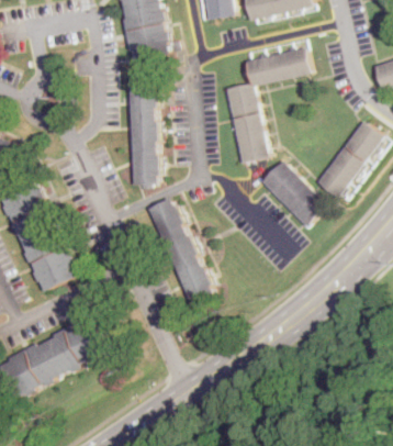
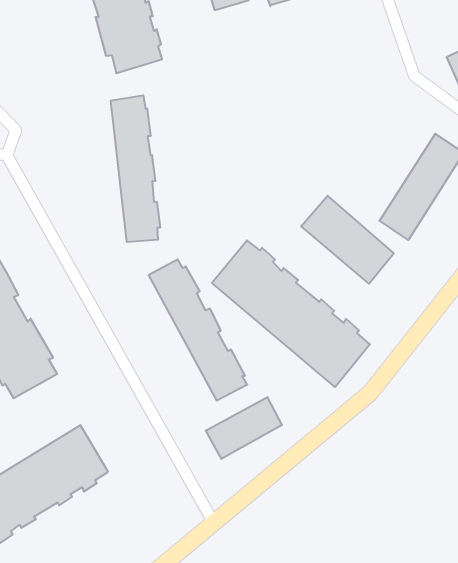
building: [226,46,308,163] -> none
building: none -> [212,240,370,387]
building: none -> [206,397,282,459]

